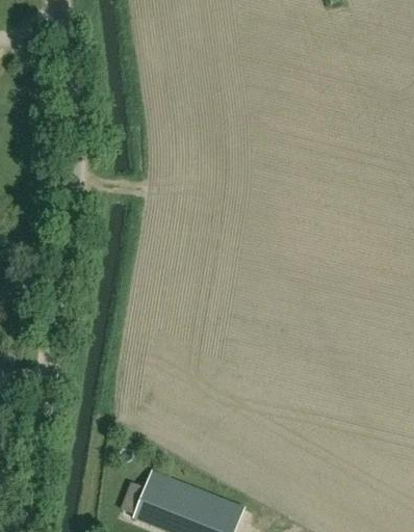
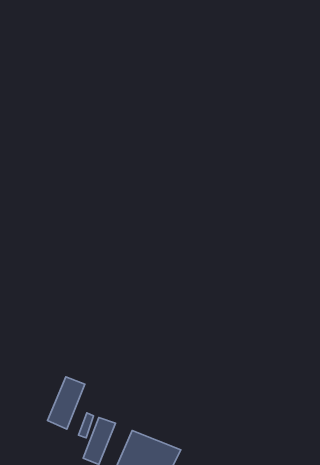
building: none -> [48,377,85,429]

